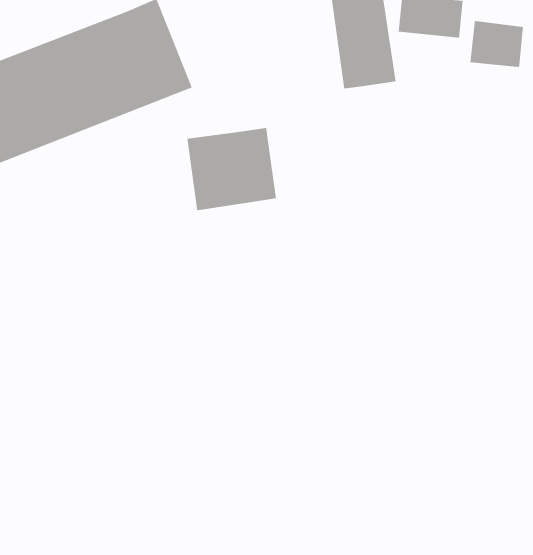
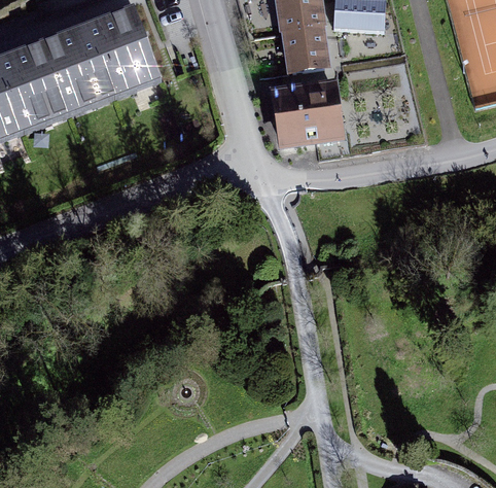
building: [470,20,524,68] -> none
building: [187,127,277,211] -> [270,83,345,153]

